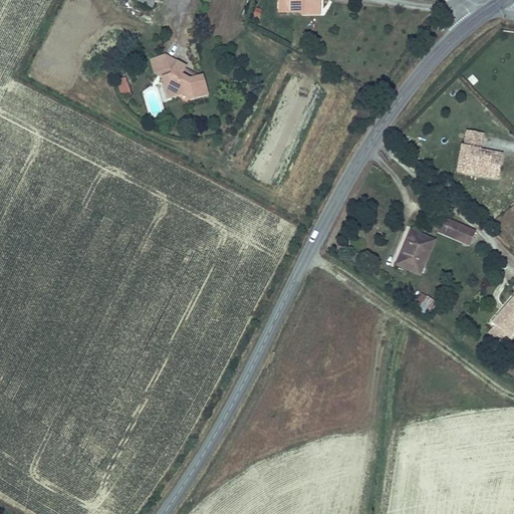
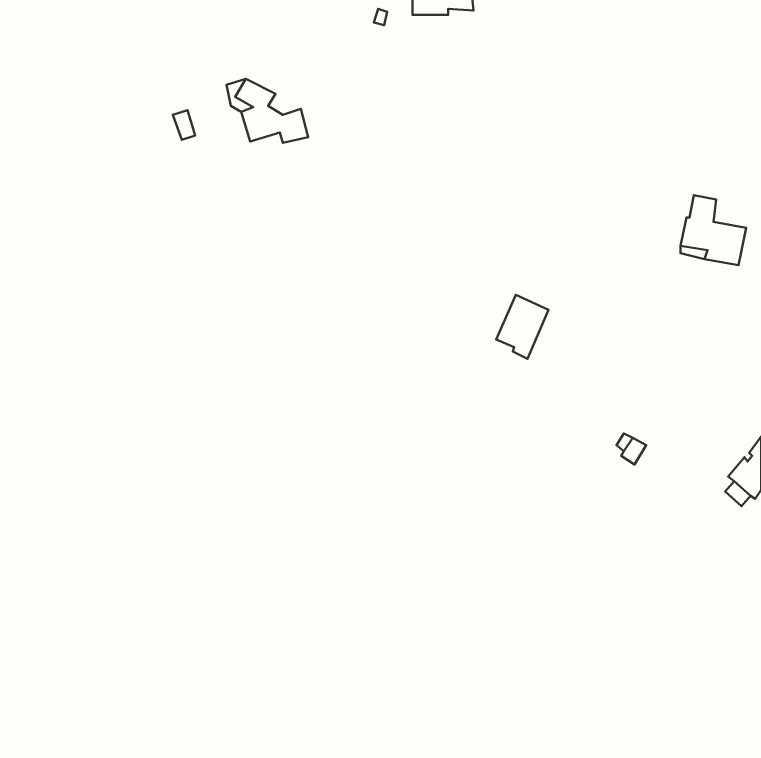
building: [438,217,475,244] -> none
building: [398,230,433,273] -> [496,295,548,359]

